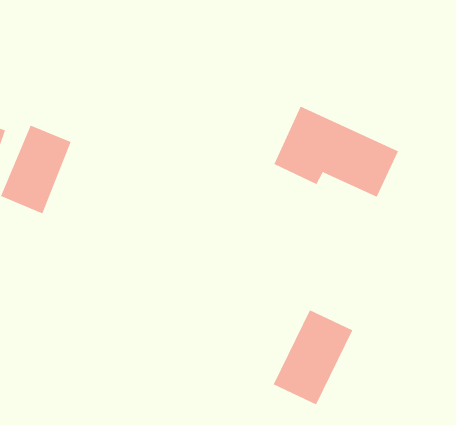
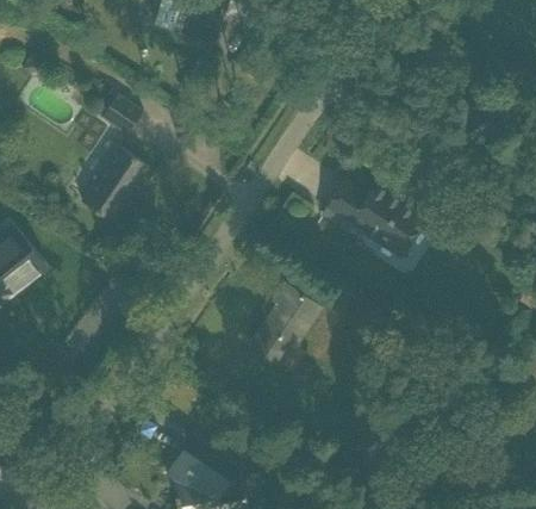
building: [273,309,353,405] -> [244,285,320,368]

